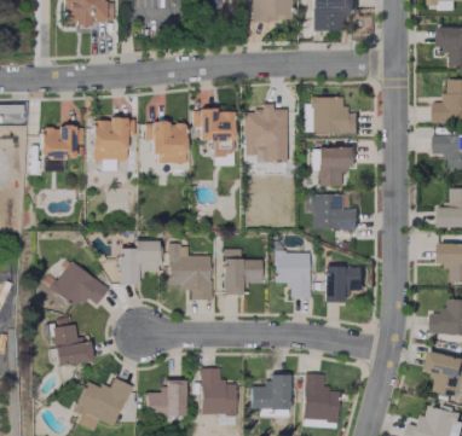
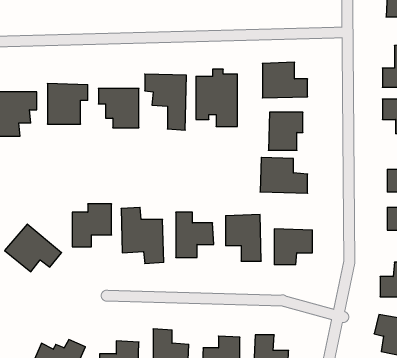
building: [53,325,92,365] -> none

